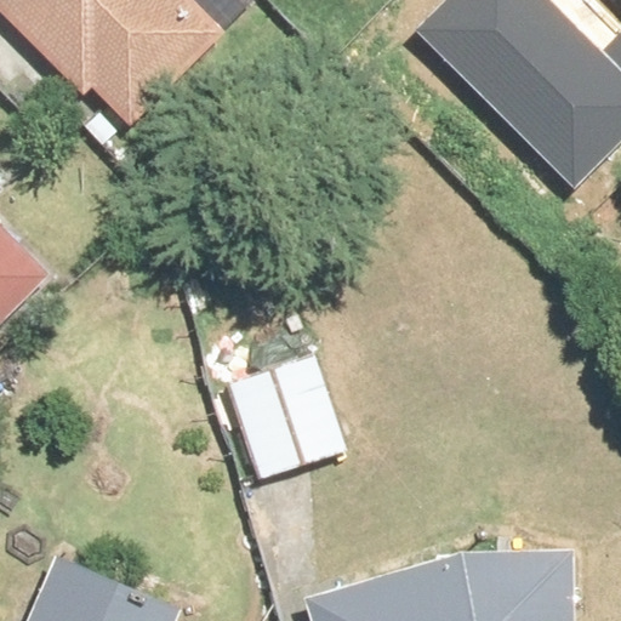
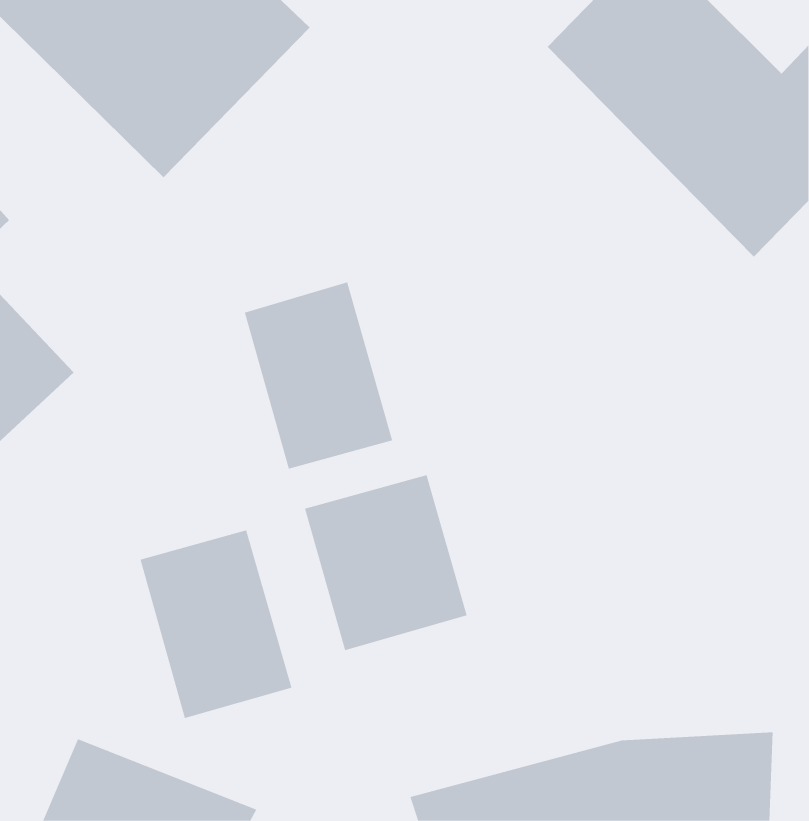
building: none -> [244,282,393,470]
building: none -> [140,529,292,719]

